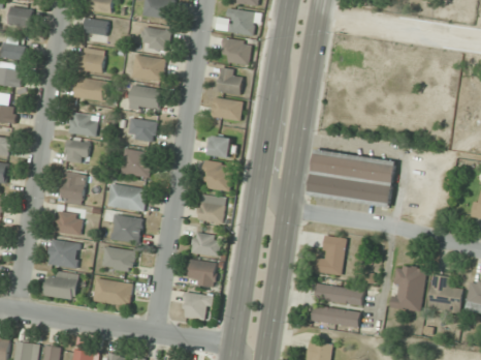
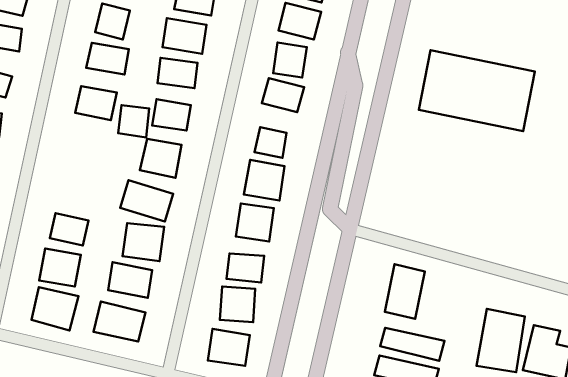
building: [65,140,88,163] -> [118,105,149,138]
building: [307,148,394,206] -> [419,50,535,131]
building: [58,170,87,205] -> none

